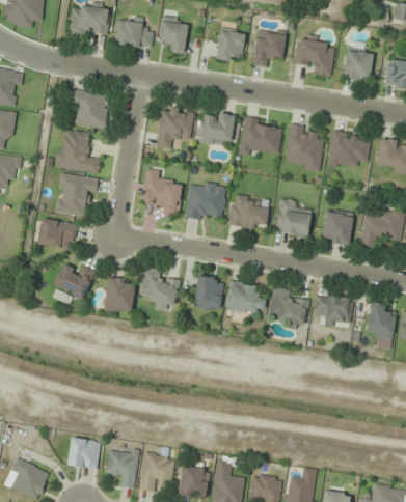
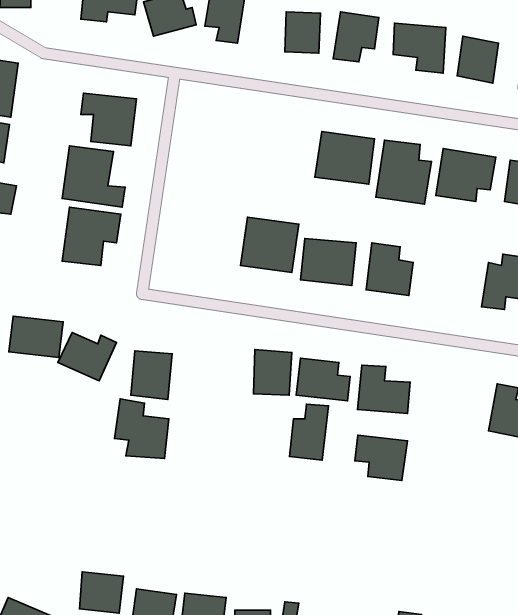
building: [157,107,193,149] -> none
building: [199,111,234,147] -> none
building: [141,169,183,215] -> none
building: [321,211,353,246] -> none
building: [37,219,77,249] -> [9,316,63,358]
building: [139,267,179,310] -> [115,399,169,459]
building: [315,295,353,328] -> [355,435,408,481]
building: none -> [289,404,328,460]

